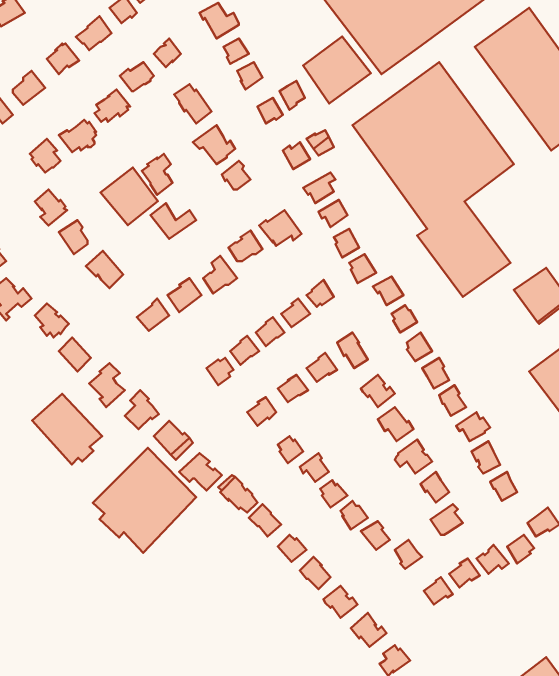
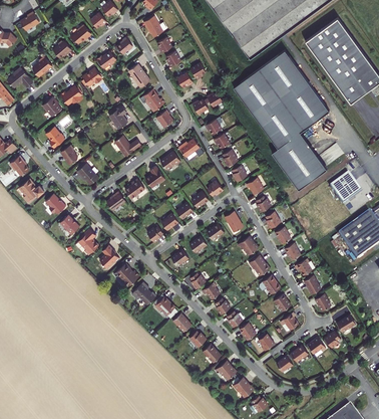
building: [303,37,371,104] -> none
building: [101,167,158,225] -> none
building: [32,394,102,464] -> none
building: [93,448,196,553] -> none

